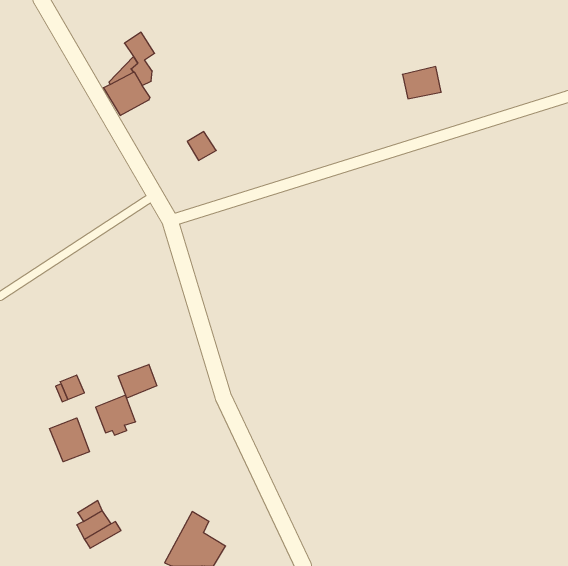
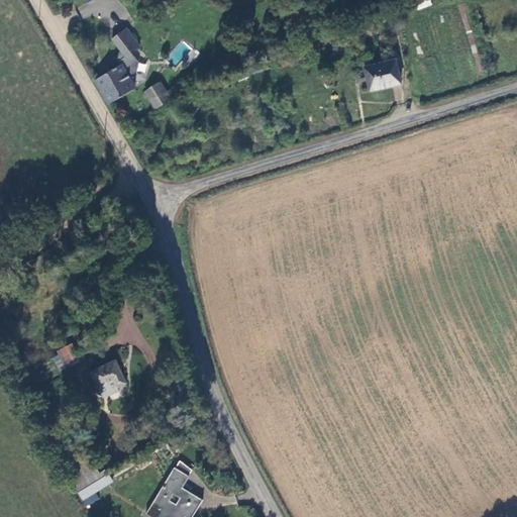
building: [187,132,216,160] -> [144,84,171,110]
building: [118,364,157,398] -> none
building: [49,418,89,462] -> none

